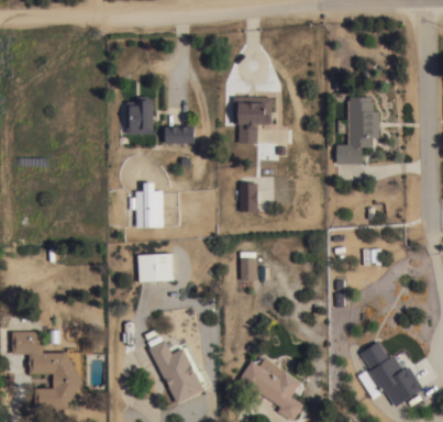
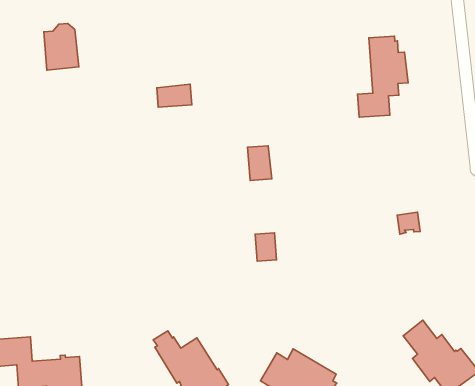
building: [125,96,153,134] -> [44,24,79,70]
building: [232,96,272,143] -> none
building: [134,181,163,226] -> none
building: [136,253,174,281] -> none

